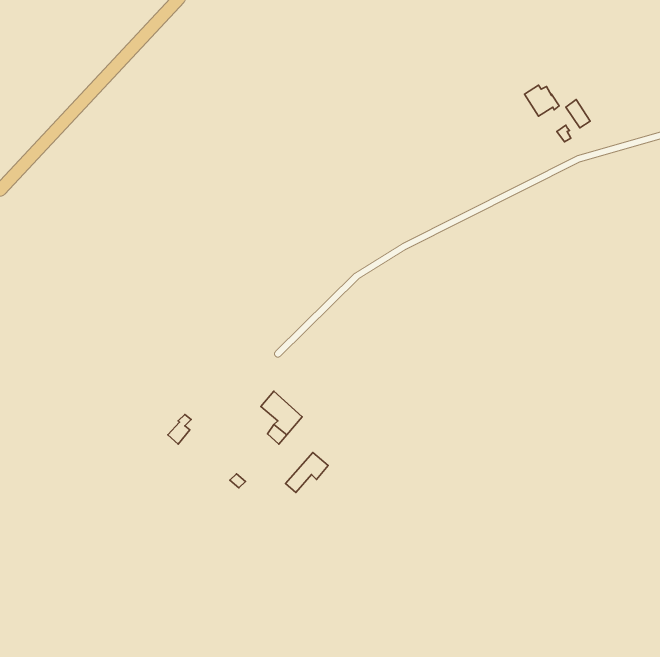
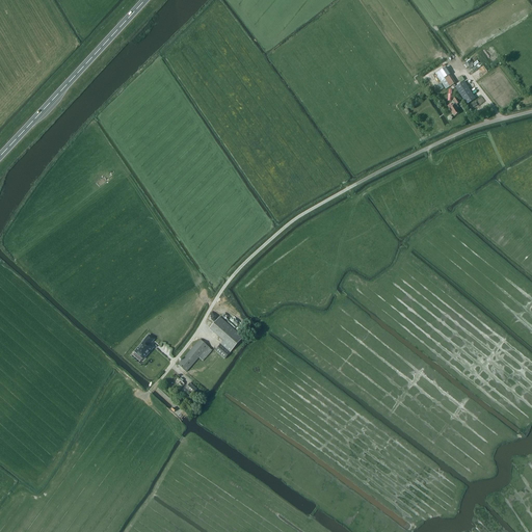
building: [286,453,328,493] -> [178,338,212,370]

